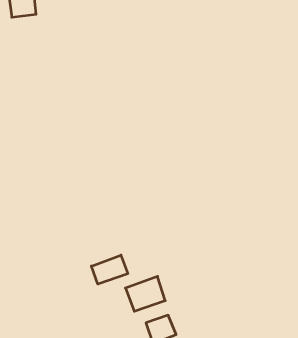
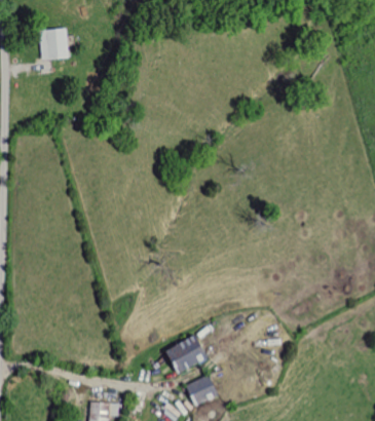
building: [91,255,128,284] -> none

